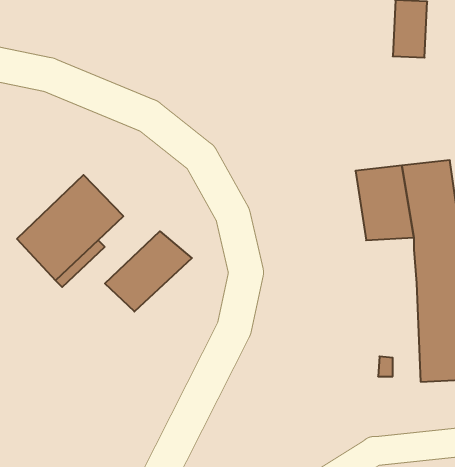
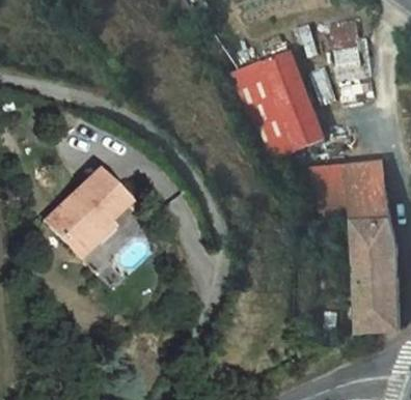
building: none -> [230,50,323,161]
building: [105,231,192,312] -> none

